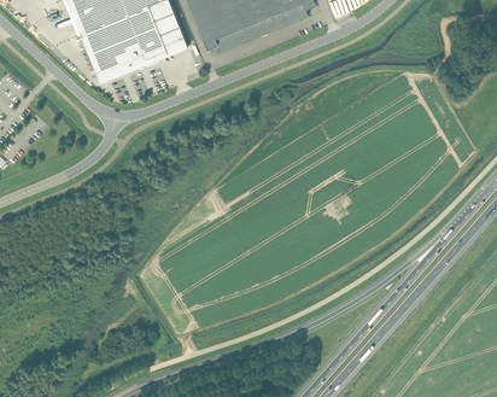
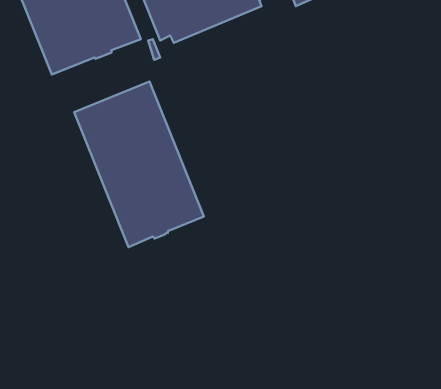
building: none -> [74,81,204,247]

